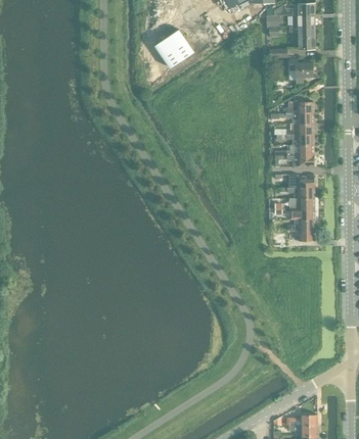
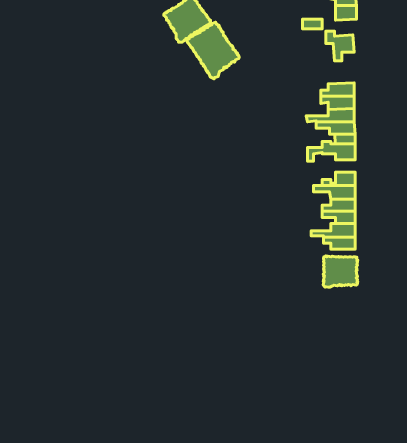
building: none -> [187,22,239,79]
building: none -> [323,256,358,287]

